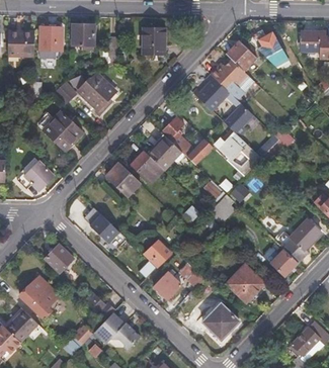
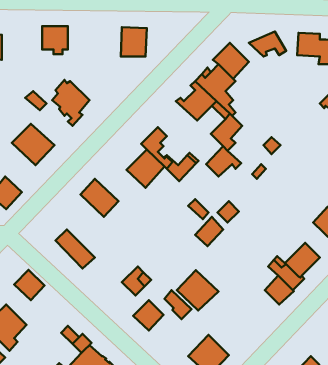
building: [39,26,62,58] -> none
building: [130,150,162,182] -> none
building: [229,264,266,300] -> [177,270,218,310]

